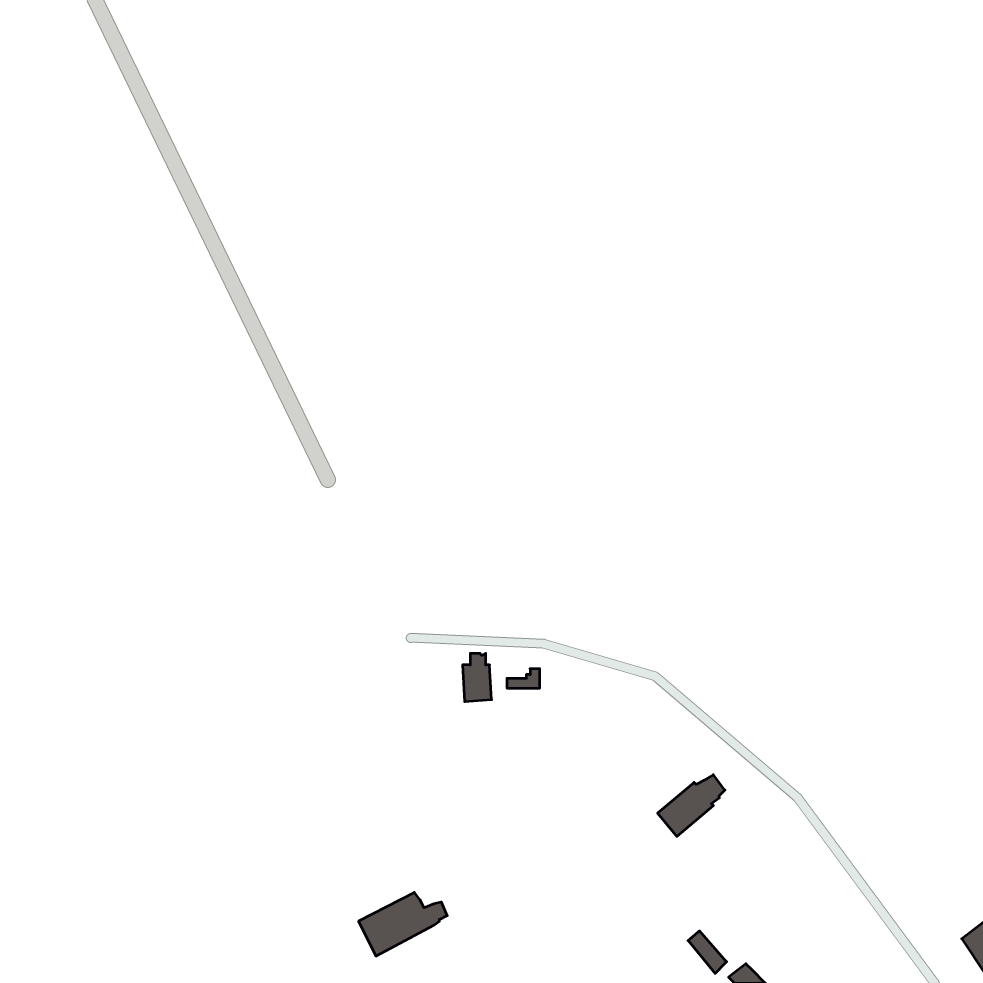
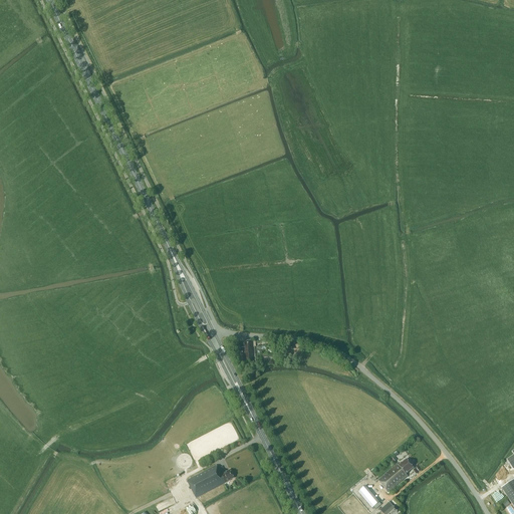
building: [658,775,725,836] -> [378,459,414,491]

